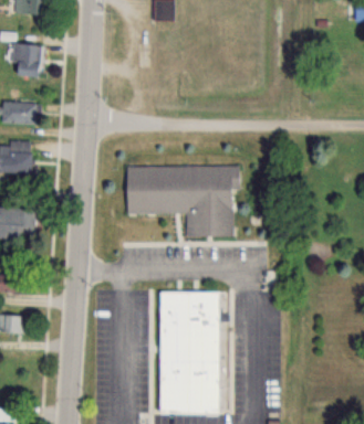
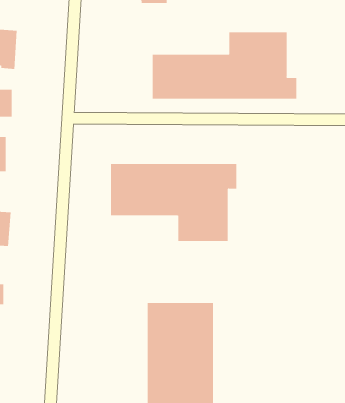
building: none -> [152,32,297,99]

